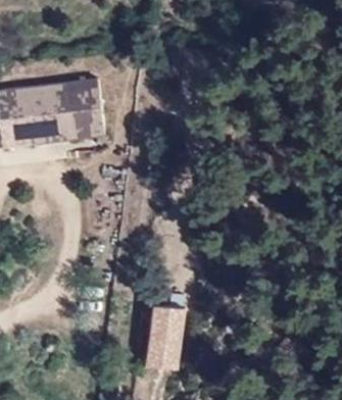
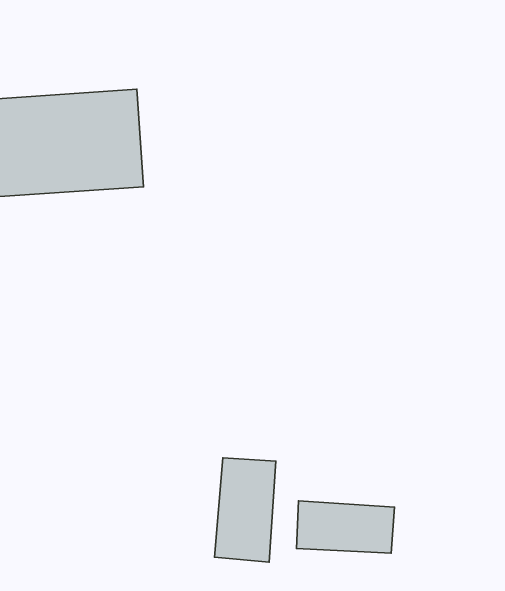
building: none -> [297,501,394,553]

